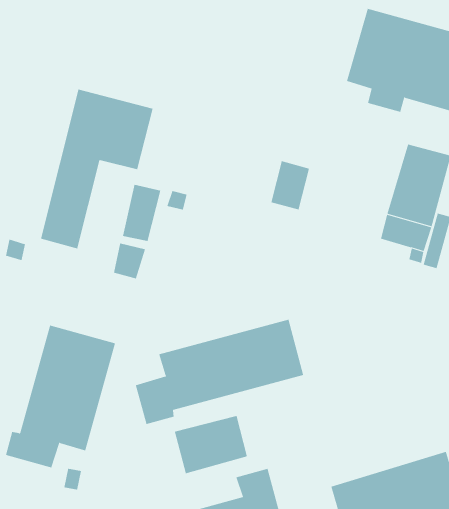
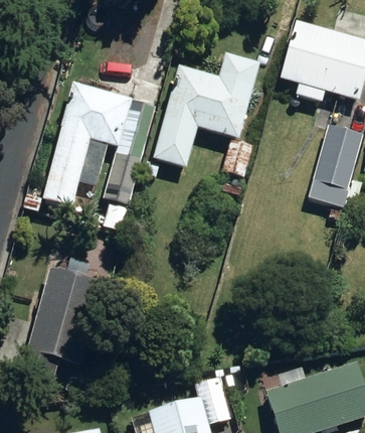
building: none -> [154,52,260,165]
building: [135,319,304,425] -> none
building: [174,415,247,474] -> none

